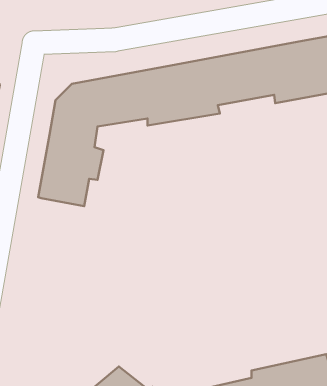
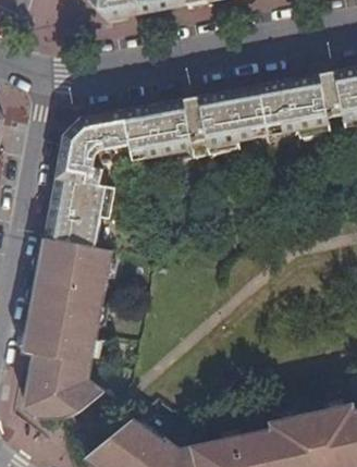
building: none -> [24,238,111,420]

